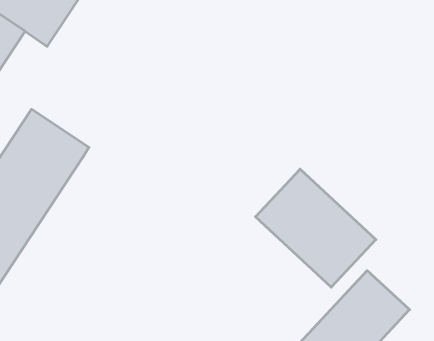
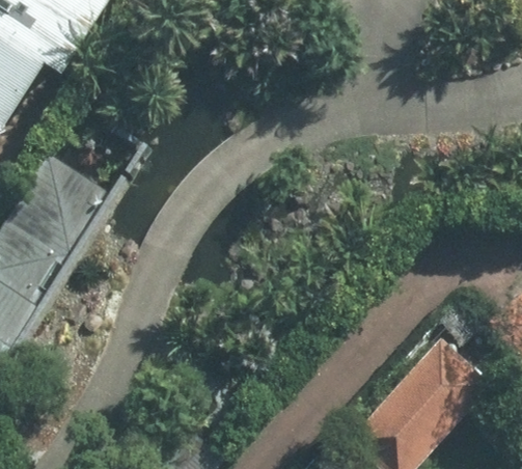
building: [255,169,376,287] -> none

